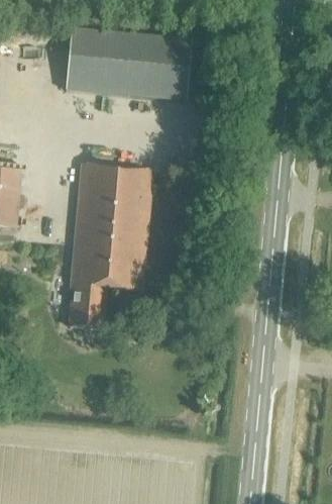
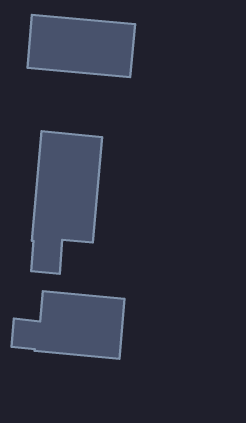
building: none -> [11,291,124,359]

